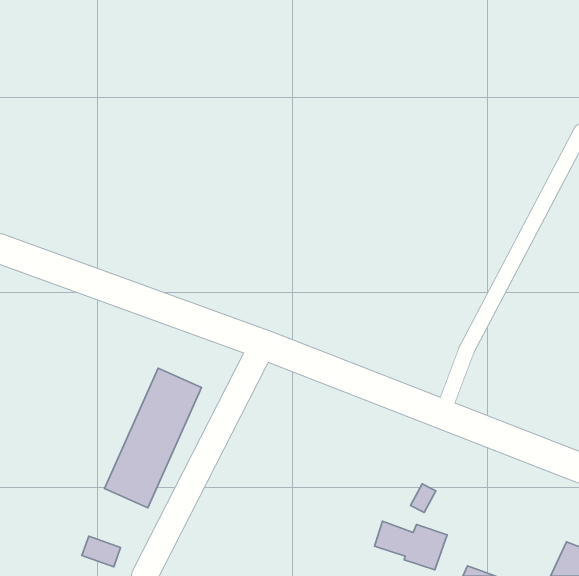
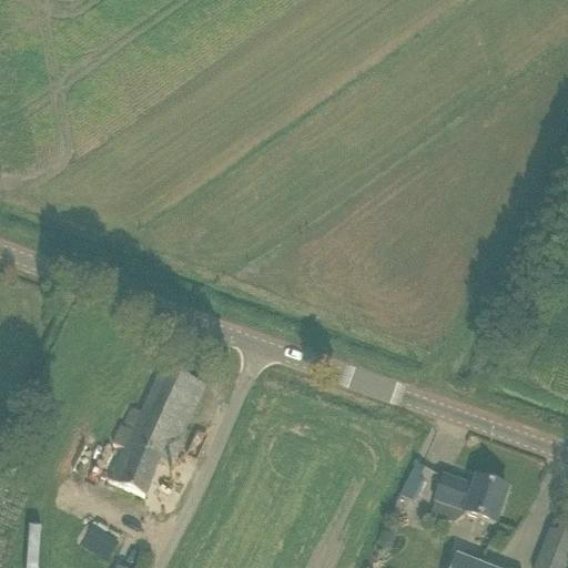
building: [375,521,447,570] -> [438,475,509,523]

